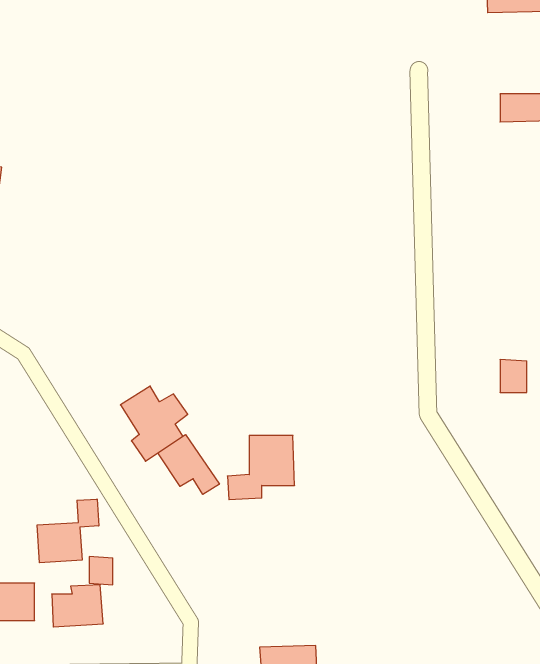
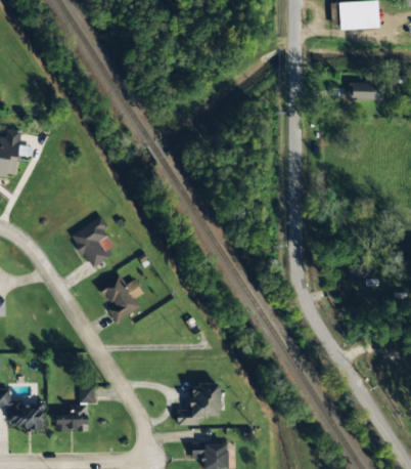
building: none -> [71,217,116,268]
building: [158,435,219,494] -> none
building: [227,435,295,500] -> [176,384,220,426]
building: [37,499,99,563] -> none

